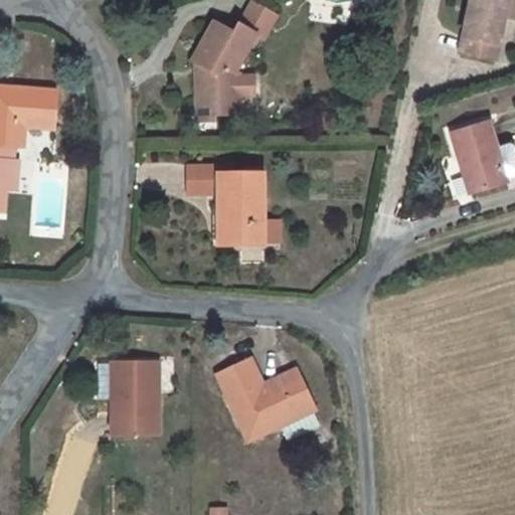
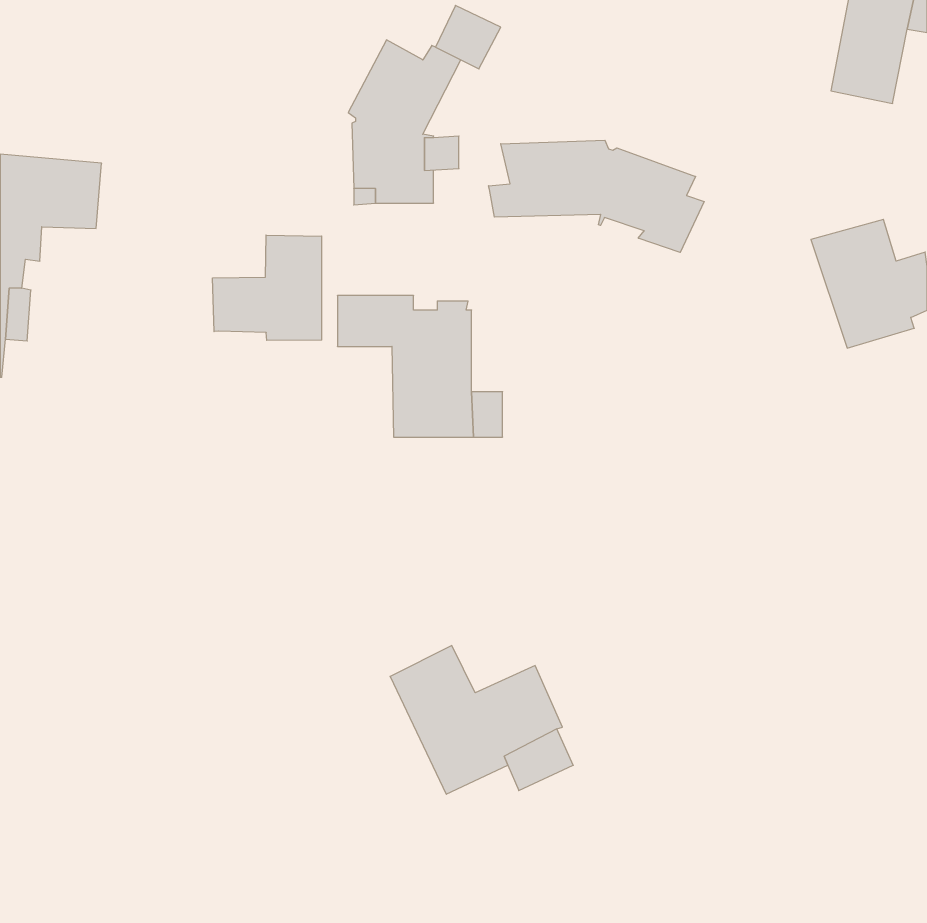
building: none -> [489,140,704,252]
building: none -> [213,235,322,340]
building: [100,364,159,434] -> none

